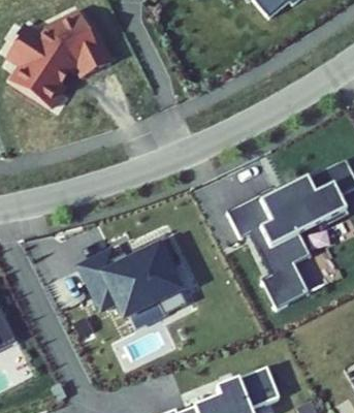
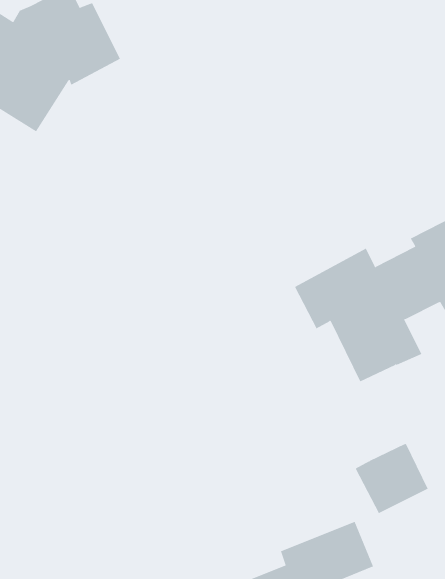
building: [77,236,183,314] -> none
building: [261,263,310,310] -> [355,444,428,514]

